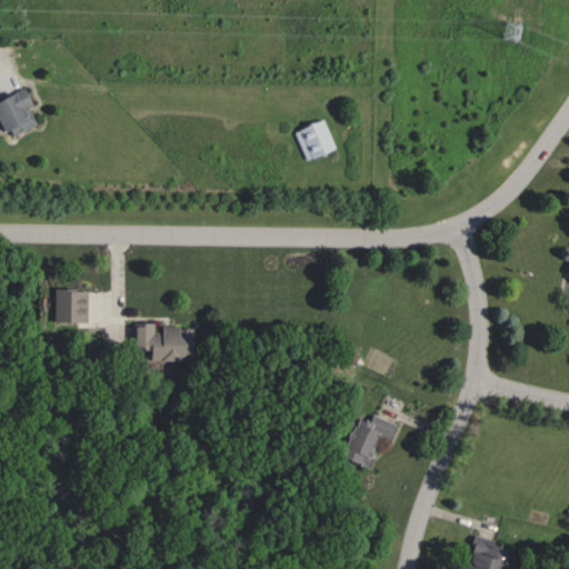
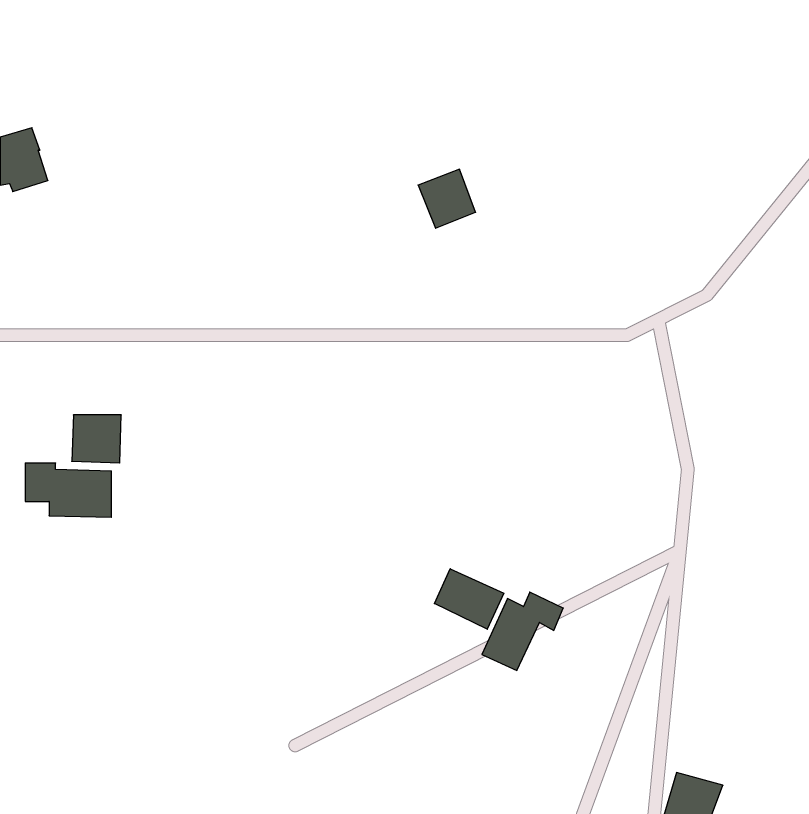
building: [133,323,193,361] -> [25,463,111,517]
building: none -> [434,569,504,629]

